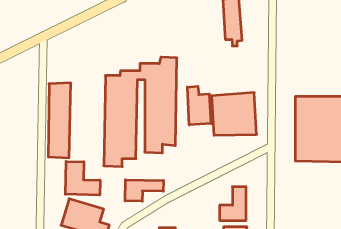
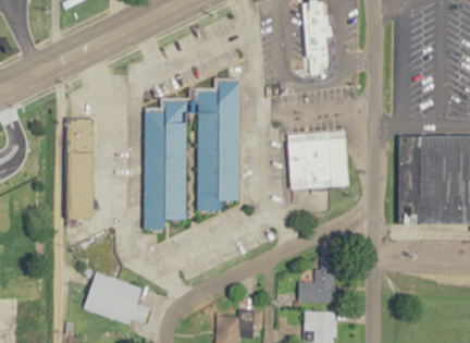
building: [187,86,211,125] -> none
building: [65,161,100,195] -> none
building: [125,180,163,201] -> none

